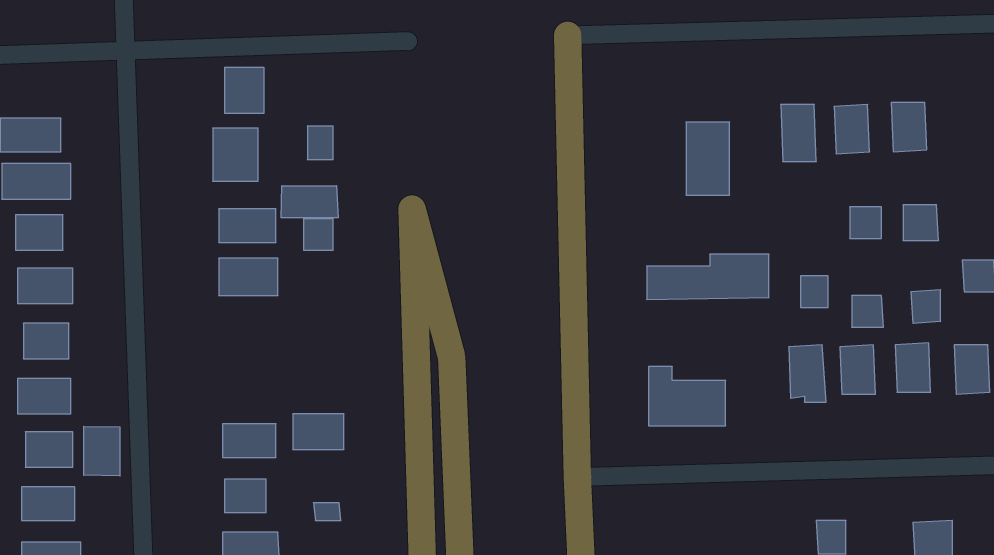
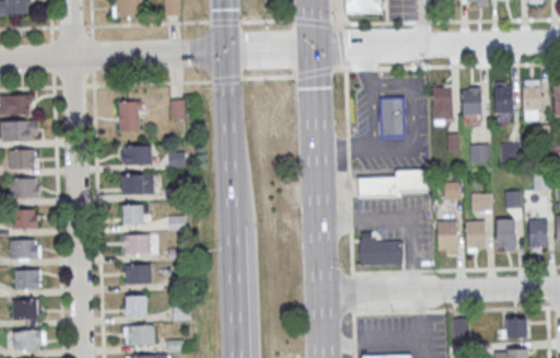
building: [225,67,264,113] -> none
building: none -> [523,85,542,111]
building: [281,186,338,218] -> none
building: none -> [120,205,148,224]
building: [293,414,344,449] -> [124,234,152,254]
building: [84,426,120,476] -> none

